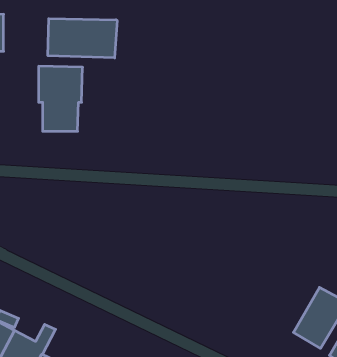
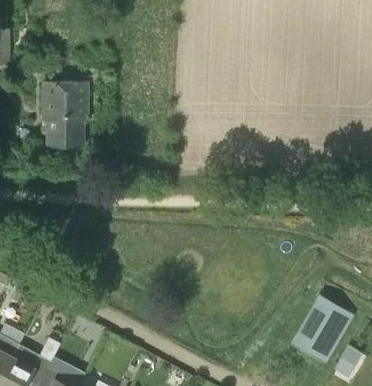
building: [48,19,117,58] -> none

